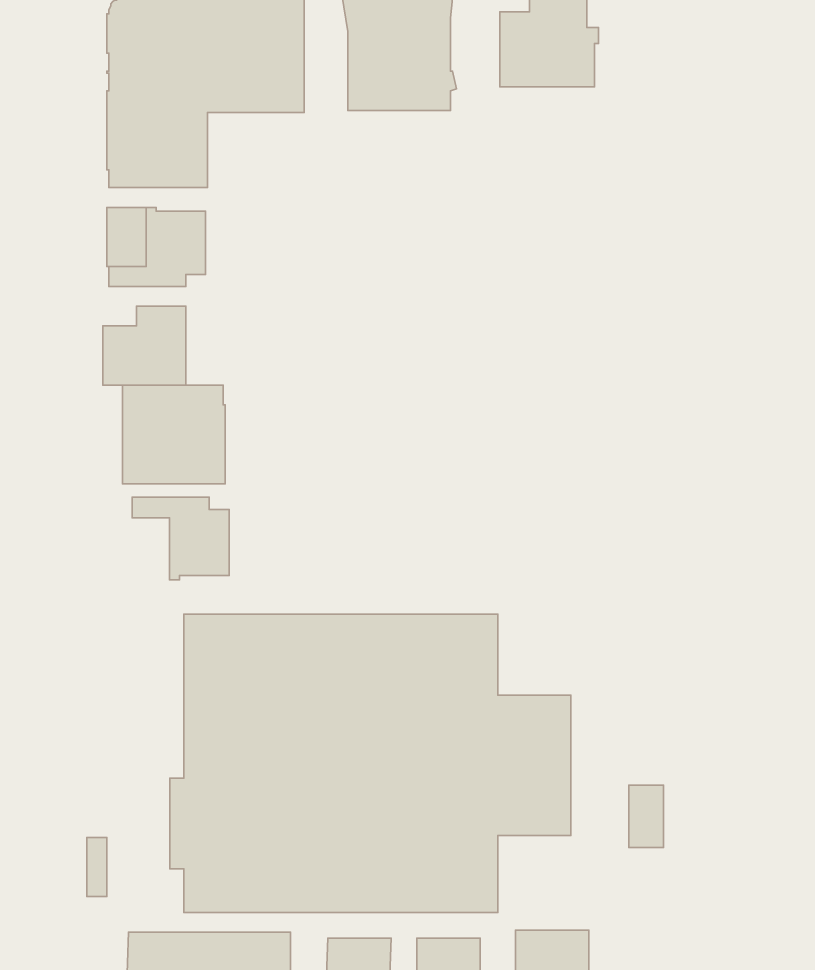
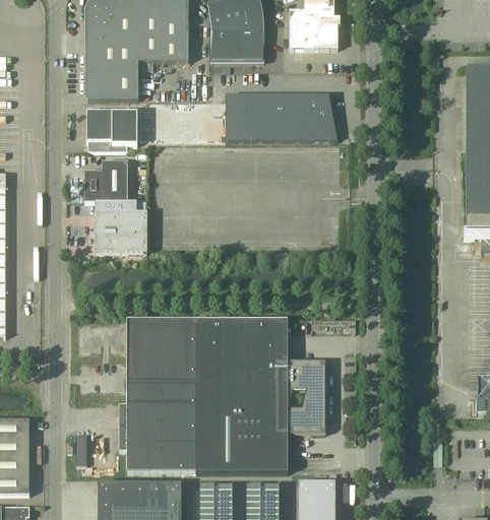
building: none -> [226,93,340,139]
building: [132,497,229,580] -> none
building: [629,785,664,847] -> none

